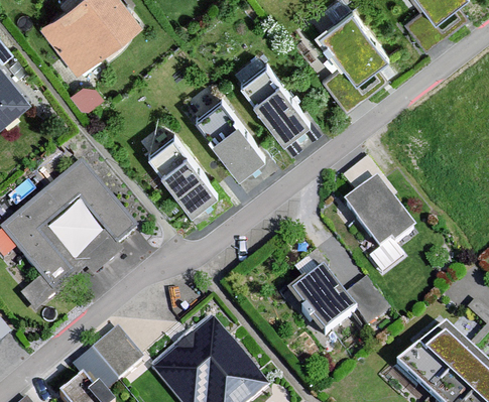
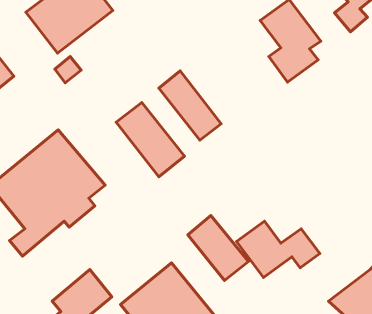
building: [242,60,313,139] -> none
building: [342,180,414,254] -> none
building: none -> [188,215,248,281]

